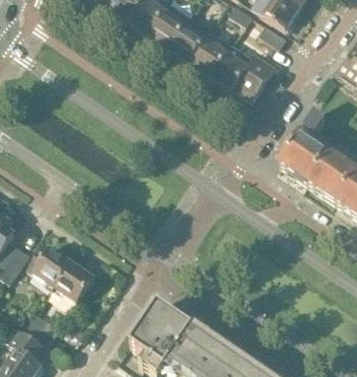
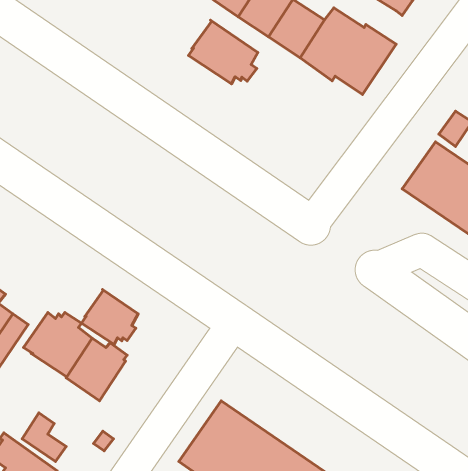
building: none -> [188,20,258,84]
building: none -> [81,289,138,344]

